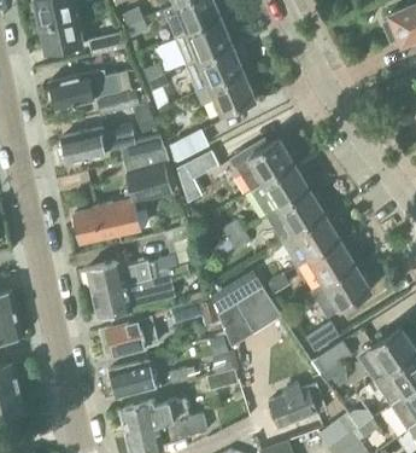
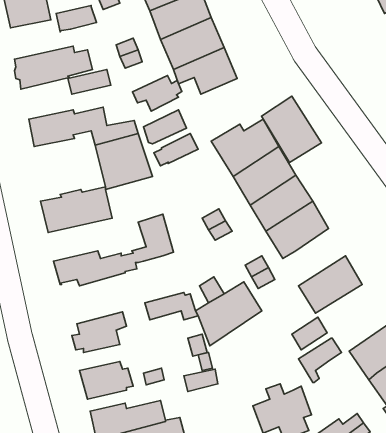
building: none -> [132,76,182,111]
building: none -> [262,96,321,162]
building: [310,239,356,292] -> none
building: [92,269,175,318] -> none

